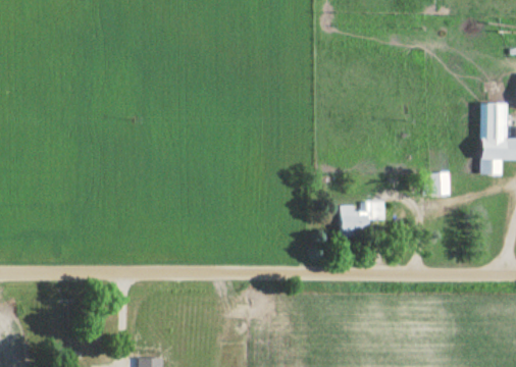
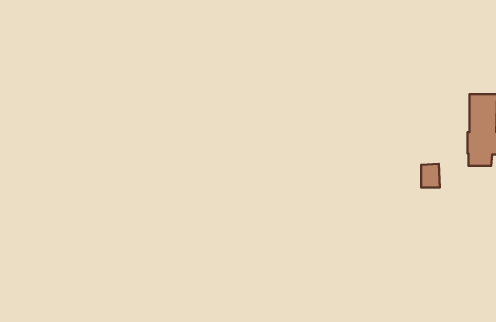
building: [342,200,386,239] -> none

